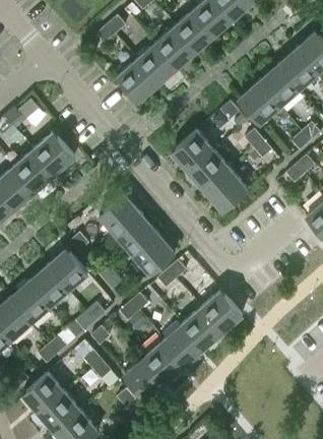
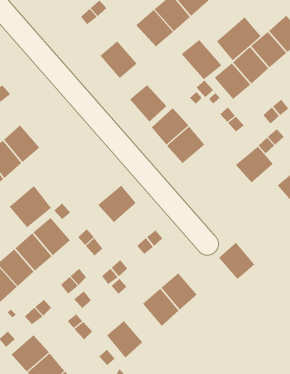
building: none -> [216,17,261,61]
building: [136,45,177,85] -> [129,84,167,123]
building: none -> [181,39,222,80]
building: [33,133,73,175] -> none
building: [205,172,246,211] -> [235,146,273,183]
building: [98,195,140,236] -> none
building: none -> [9,185,52,228]
building: [132,234,174,274] -> none
building: [201,291,241,331] -> [218,242,255,280]
building: [143,341,183,382] -> none

